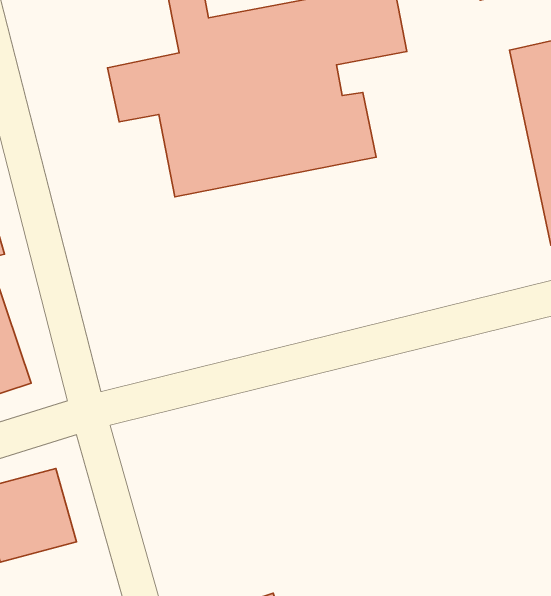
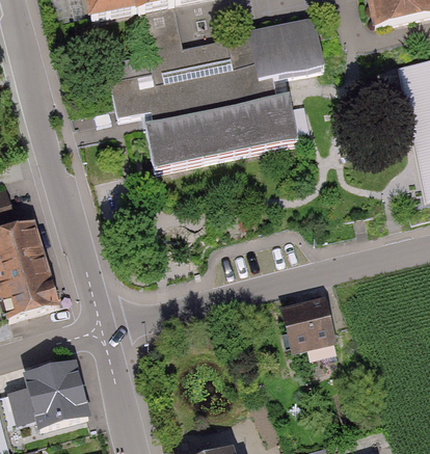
building: none -> [281,305,334,356]

